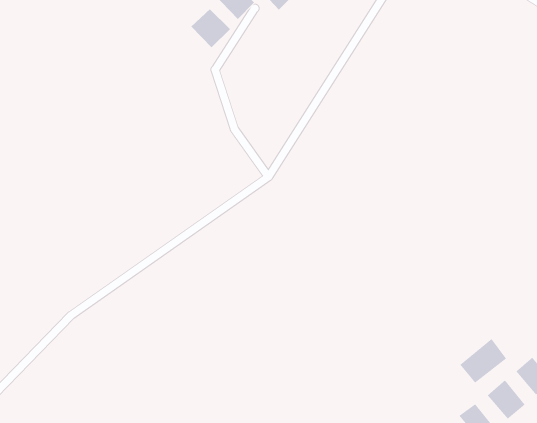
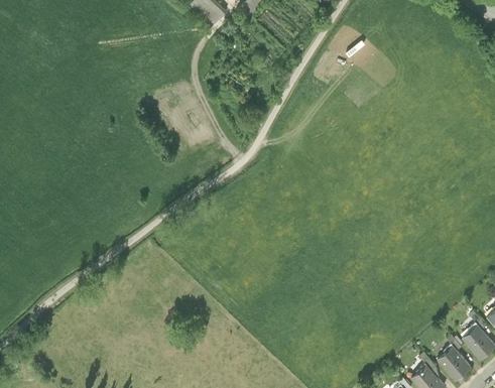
building: [191,8,231,48] -> none
building: [459,338,507,384] -> none

